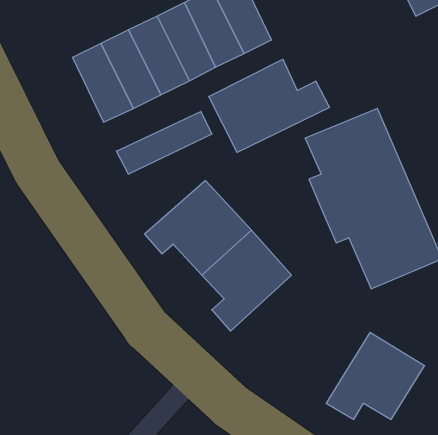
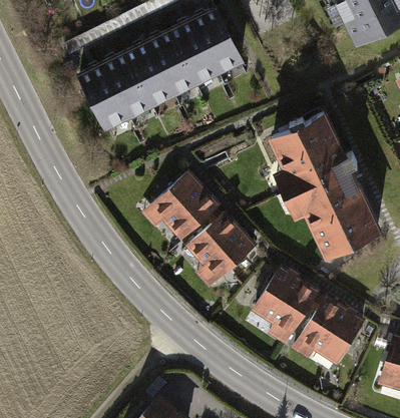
building: [209,59,329,152] -> none
building: [116,111,212,174] -> none
building: none -> [253,271,322,353]

